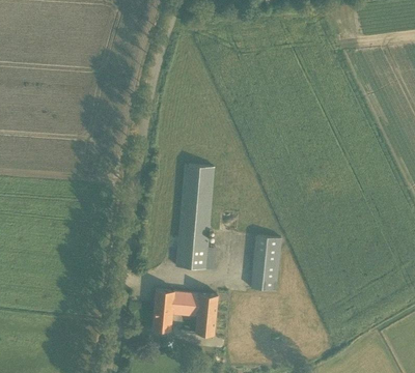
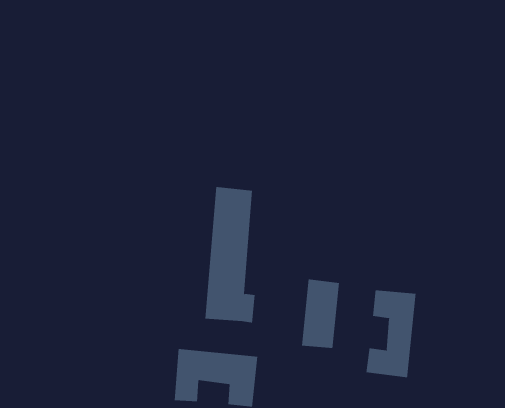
building: none -> [366,289,416,378]

